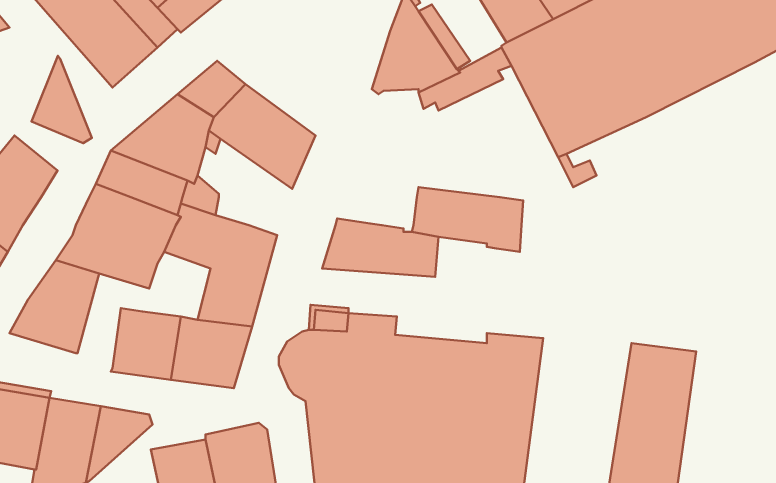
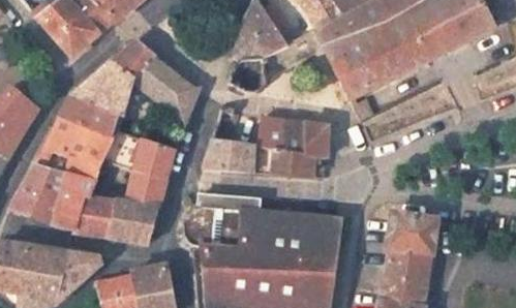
building: [31,56,92,143] -> none
building: none -> [273,150,311,177]
building: none -> [49,173,95,232]

